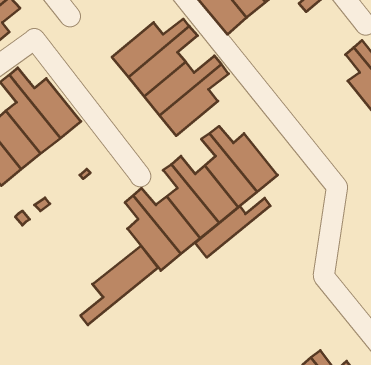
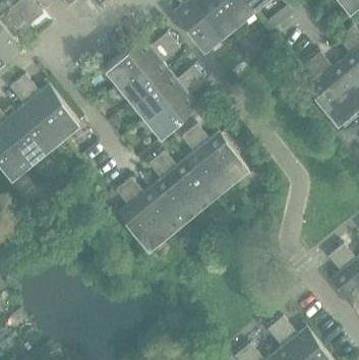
building: [195,198,270,257] -> none
building: [81,246,158,325] -> none

